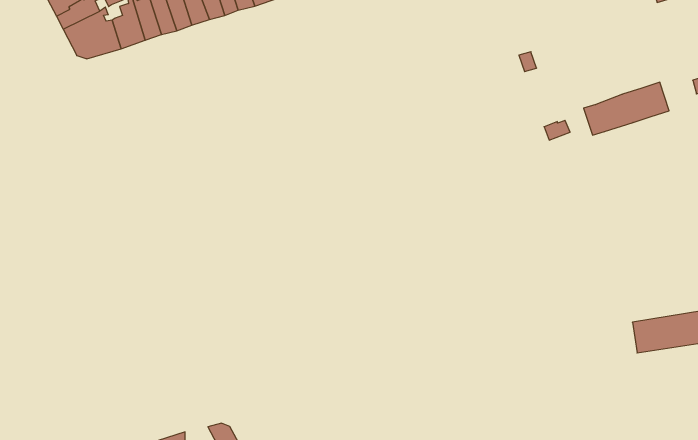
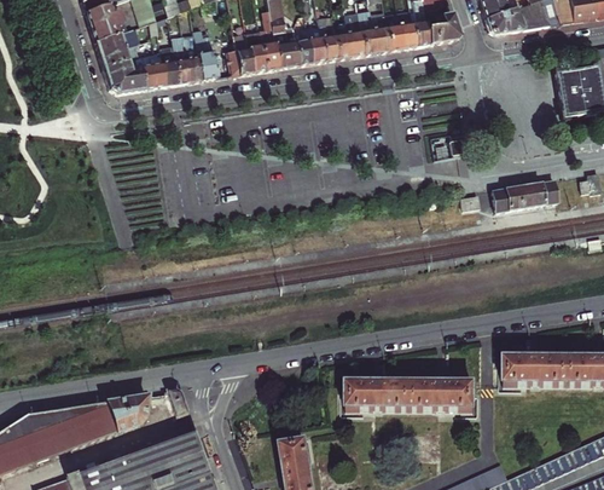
building: none -> [345,384,474,410]

